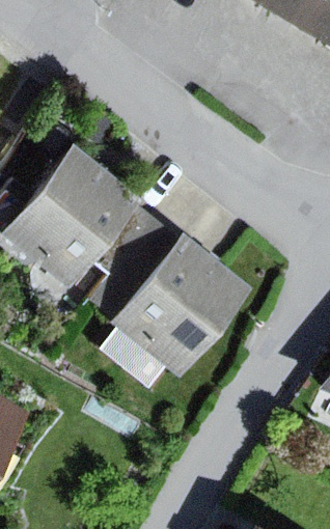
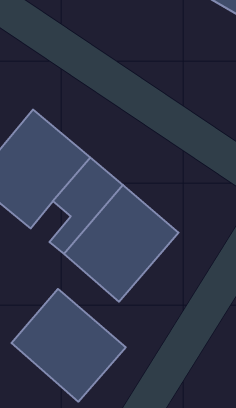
building: none -> [11,289,126,402]

